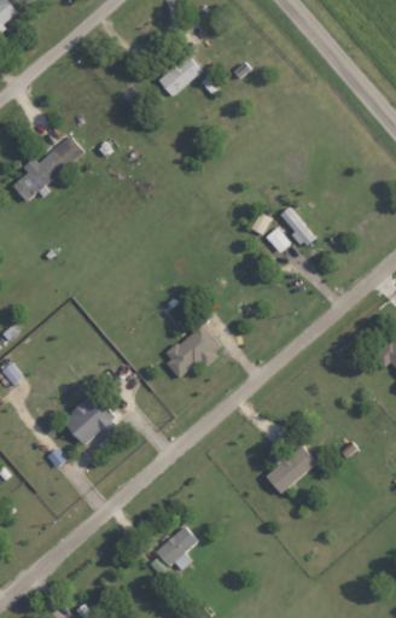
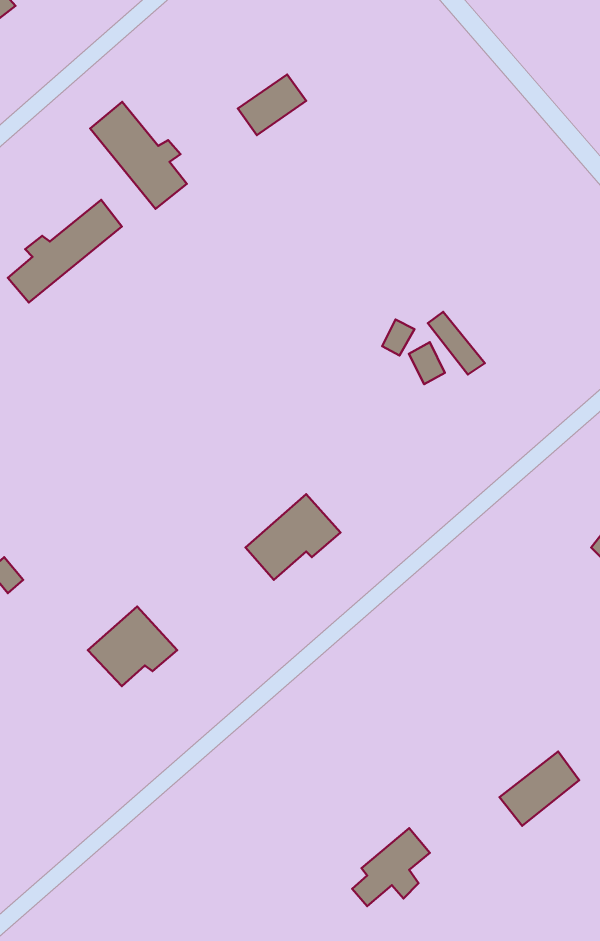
building: none -> [90,102,187,209]
building: [266,445,316,492] -> [499,752,579,826]
building: [148,525,198,575] -> [352,828,430,906]

